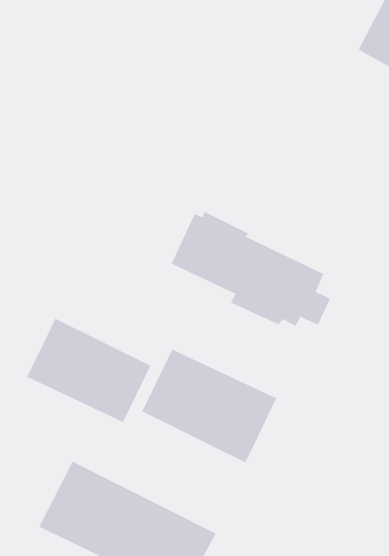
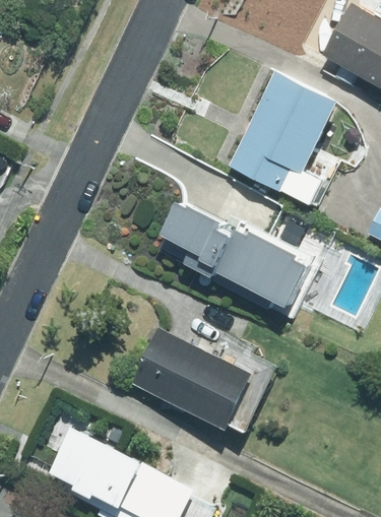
building: none -> [230,71,338,192]
building: [27,318,151,423] -> none

